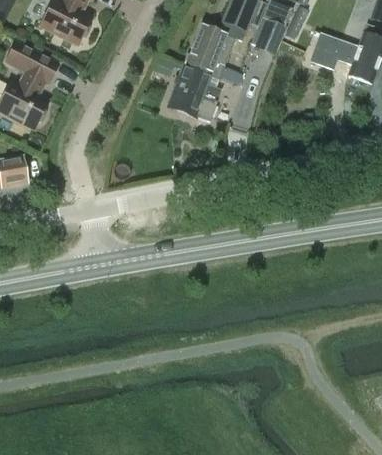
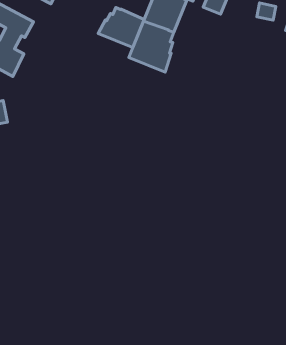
building: none -> [98,7,144,47]

